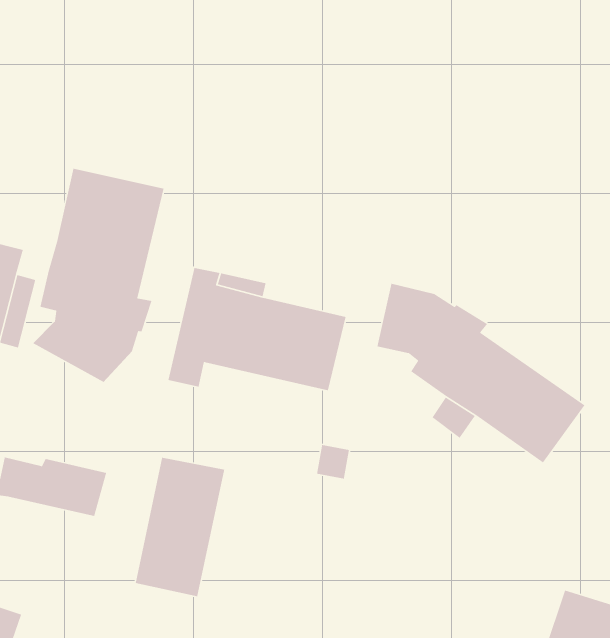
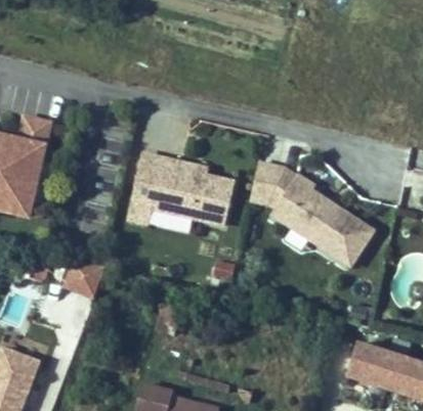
building: [32,168,164,383] -> none
building: [135,457,225,597] -> none

